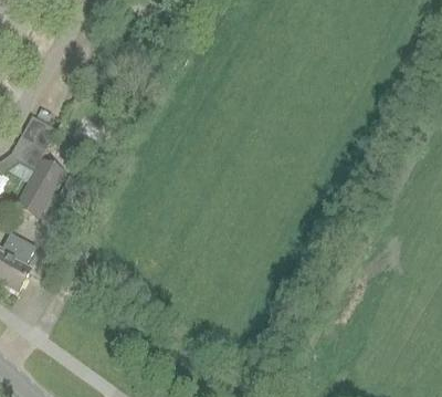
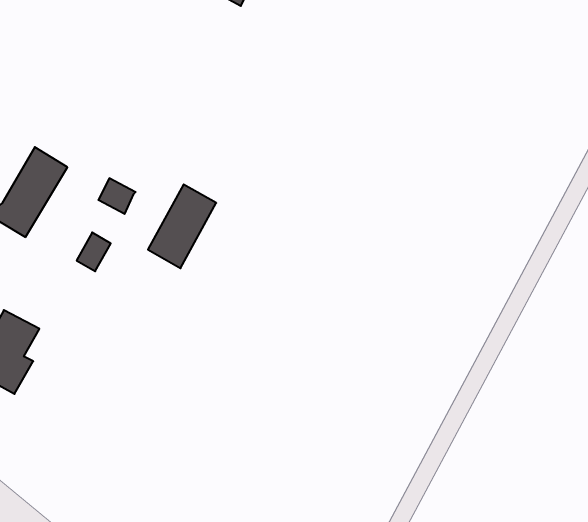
building: [15,157,64,217] -> [148,184,216,268]

